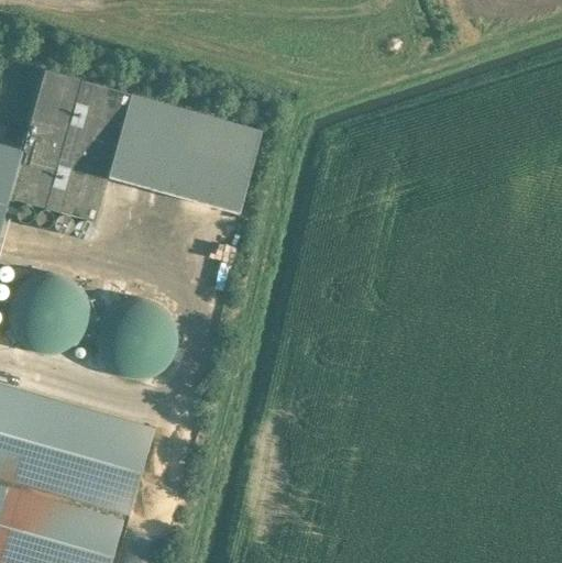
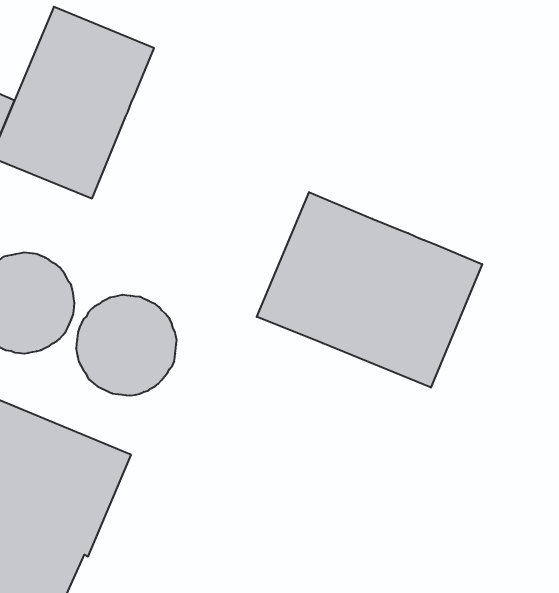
building: [108,93,262,212] -> none
building: none -> [257,192,482,388]

